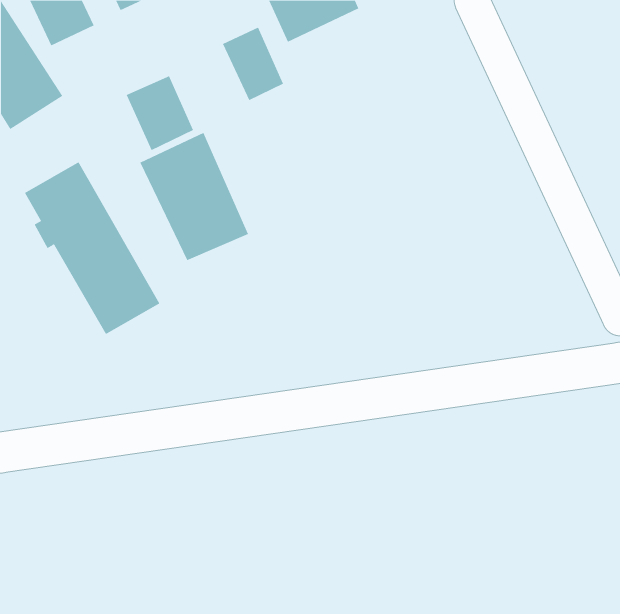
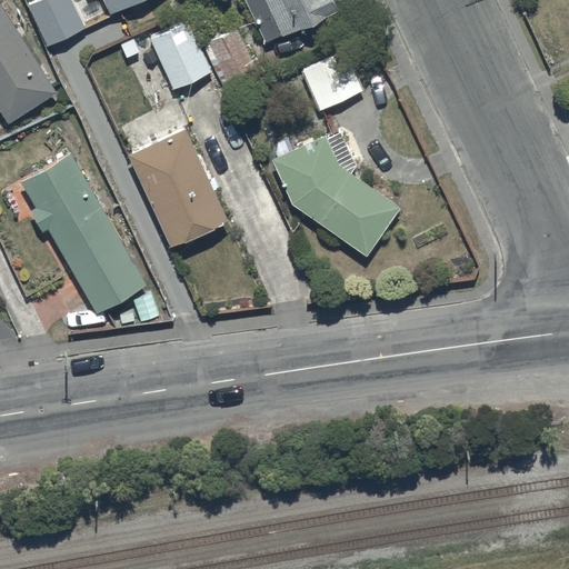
building: none -> [301,52,362,111]
building: [126,75,194,151] -> [150,22,212,91]
building: none -> [271,131,399,257]

